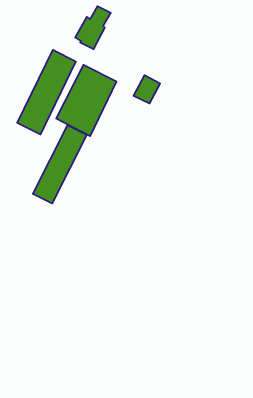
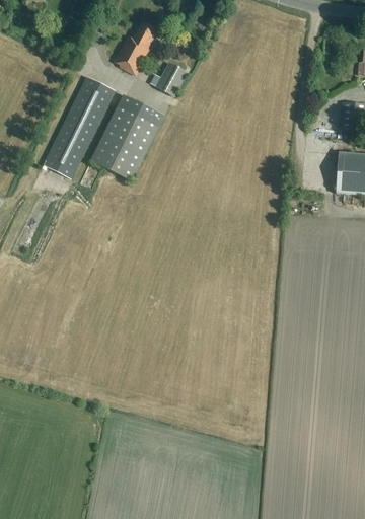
building: [134,75,160,103] -> [155,61,188,95]
building: [33,125,87,203] -> none

